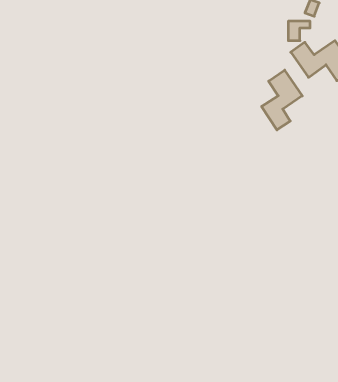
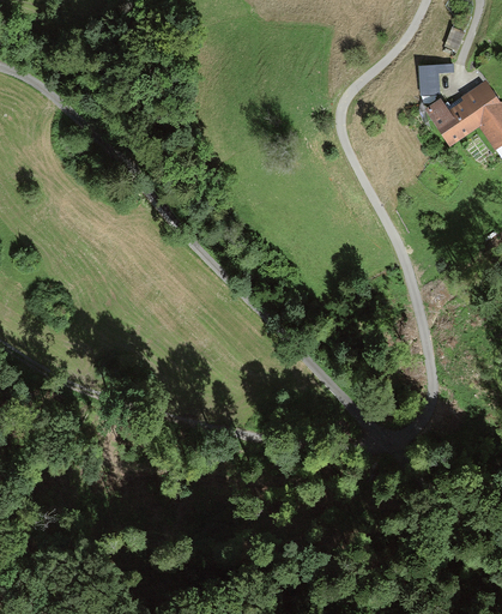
building: [262,70,302,130] -> none

